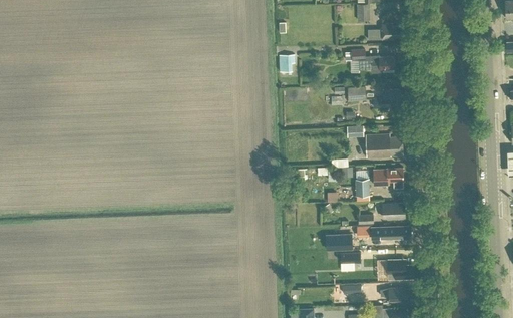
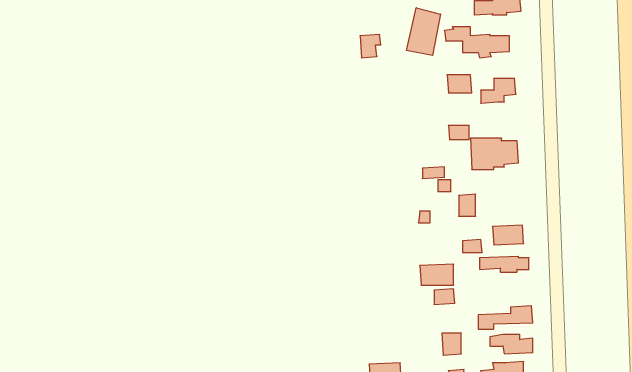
building: none -> [406,8,441,55]
building: [373,168,403,189] -> none

